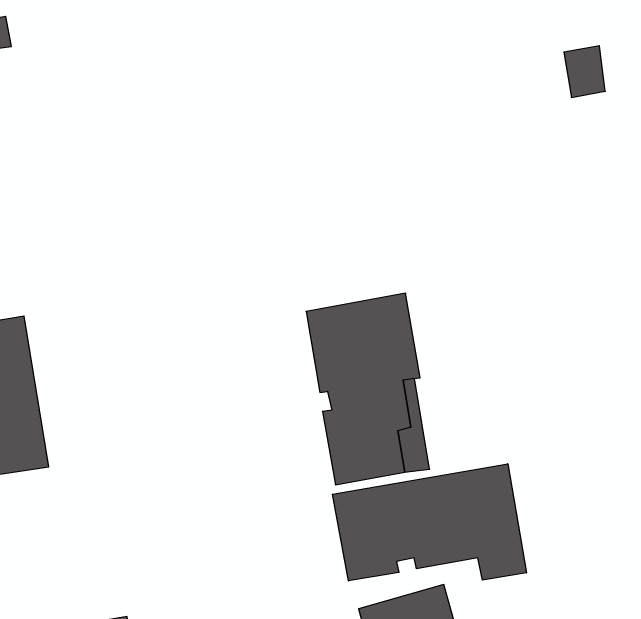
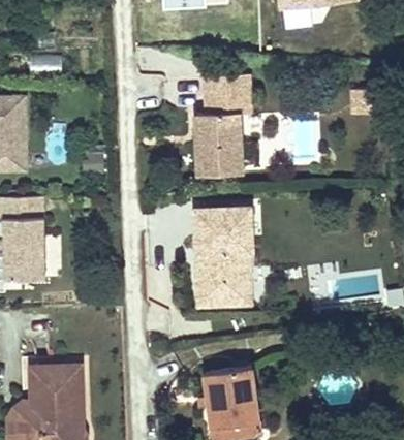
building: none -> [196,75,250,174]
building: [332,464,526,581] -> none

